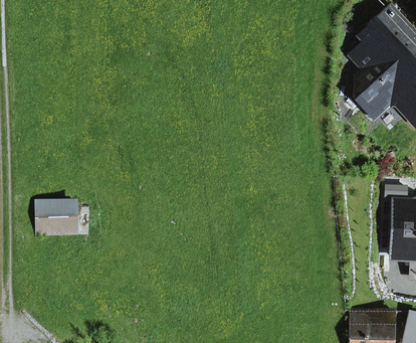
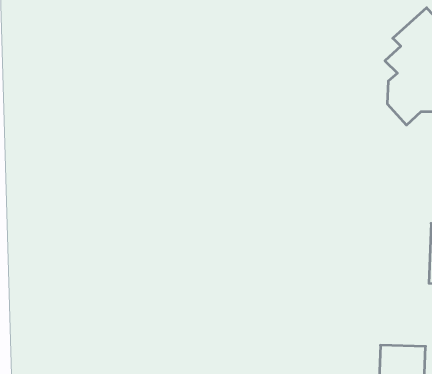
building: [36,200,73,232] -> none

